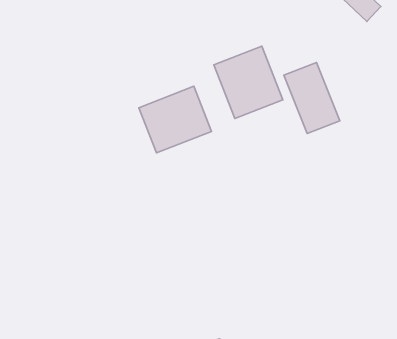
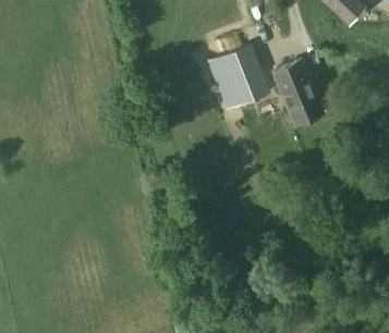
building: [139,86,212,153] -> none

